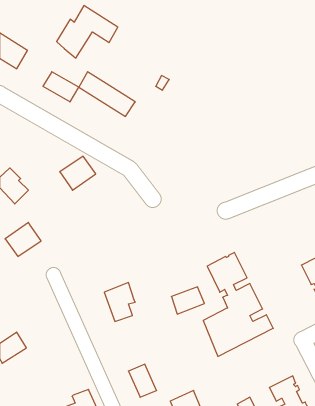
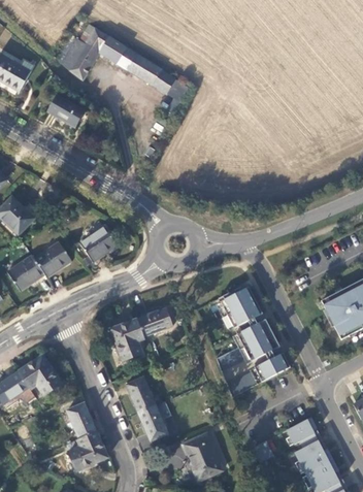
building: [79,72,135,116] -> [117,46,176,94]
building: [60,156,96,190] -> [79,226,118,262]
building: none -> [33,241,71,277]
building: [171,287,204,314] -> [137,307,172,336]
building: none -> [19,355,61,395]
building: none -> [126,376,155,412]
building: none -> [66,401,95,437]

